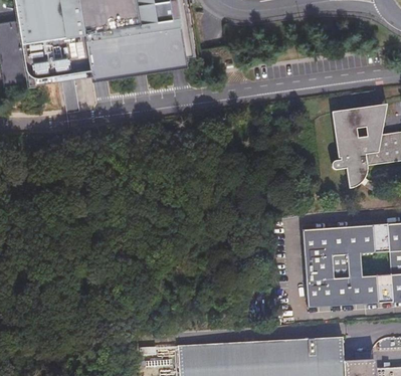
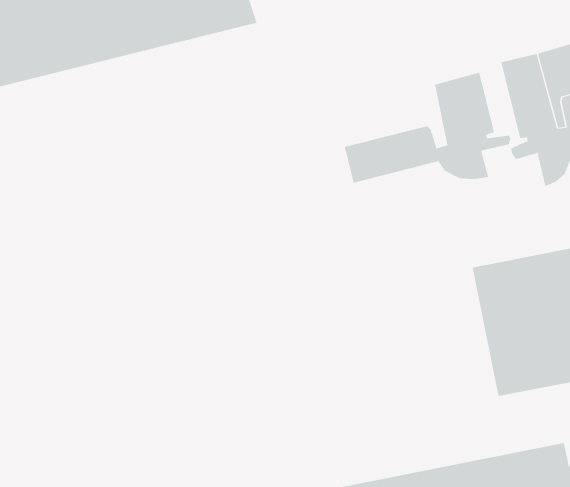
building: none -> [344,72,511,183]

